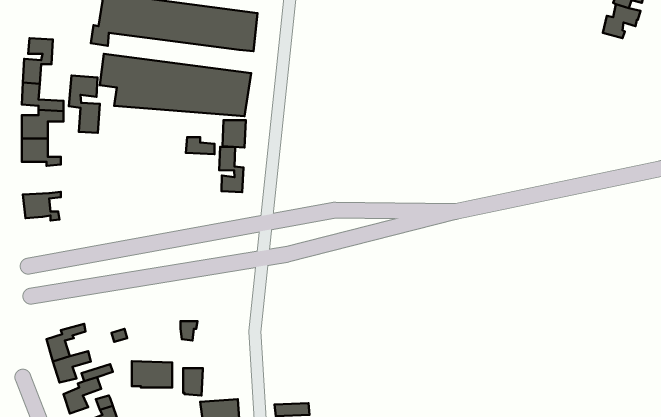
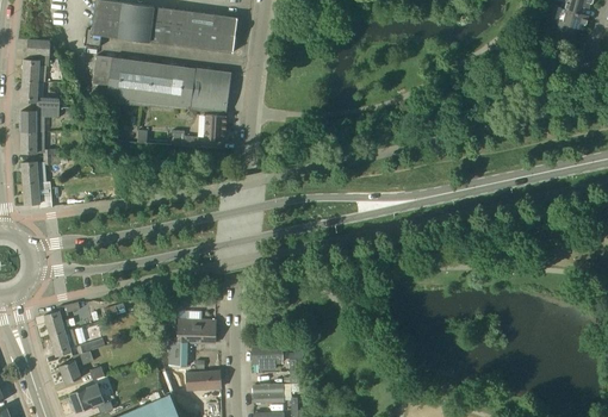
building: [69,75,100,133] -> none
building: [219,147,244,192] -> none
building: none -> [21,156,60,183]
building: [132,361,172,387] -> [179,319,216,343]
building: none -> [254,348,285,366]

